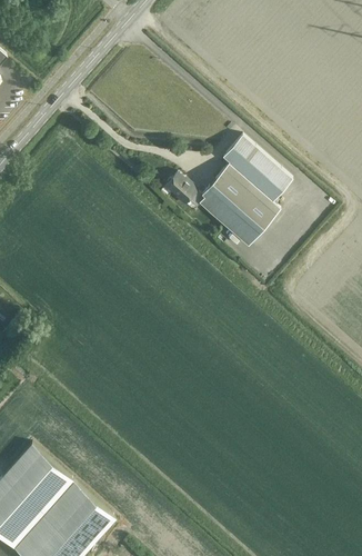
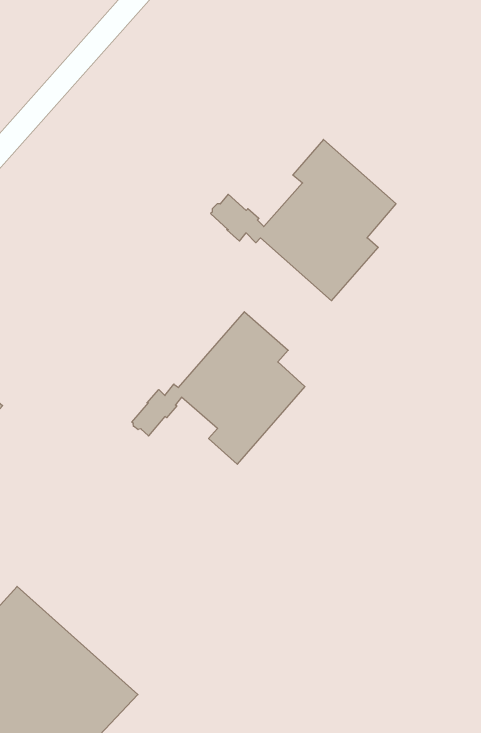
building: none -> [132,312,305,464]

